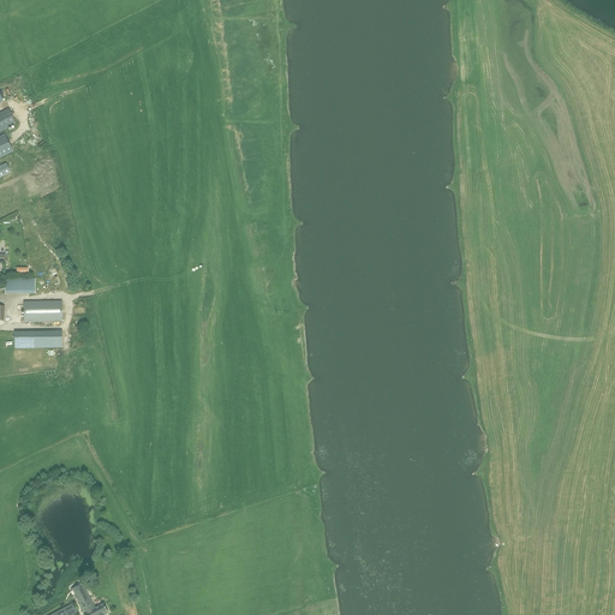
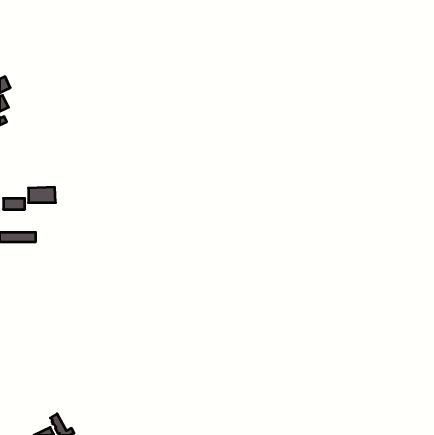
building: [23,300,61,322] -> [28,187,56,203]

